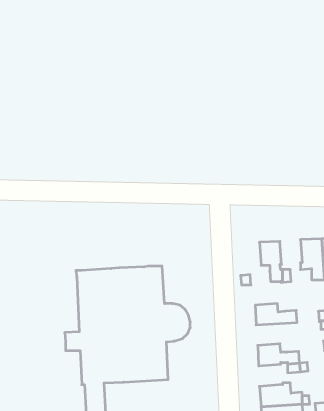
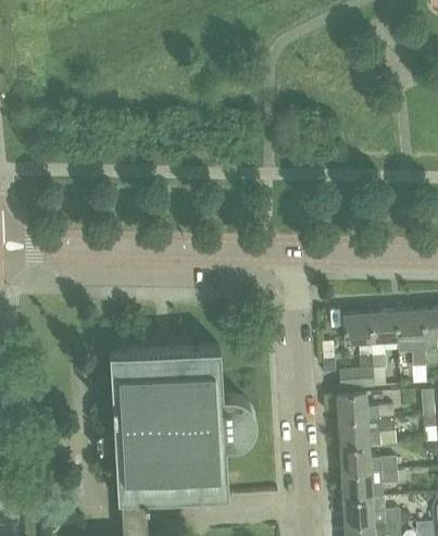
building: none -> [371,313,399,345]
building: none -> [337,366,373,387]
building: none -> [340,419,393,448]
building: none -> [343,472,374,500]

